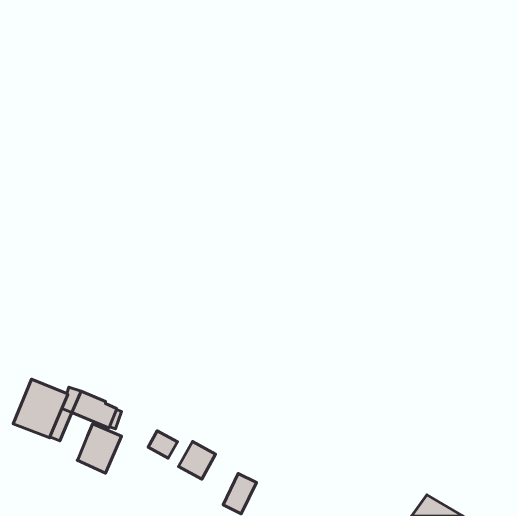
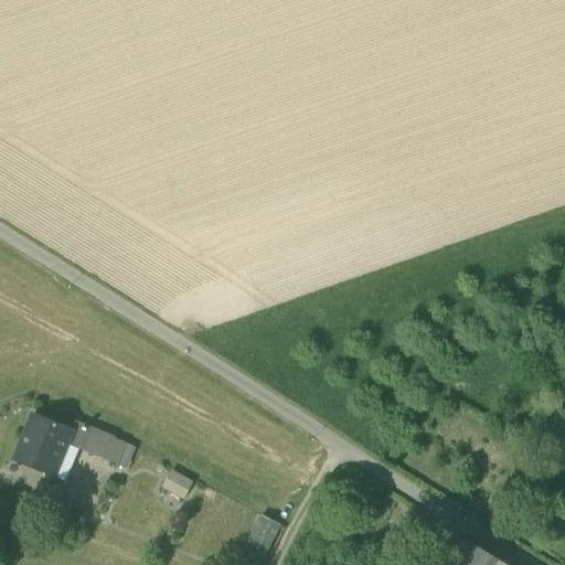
building: [77,424,121,473] -> none
building: [179,442,216,479] -> none

